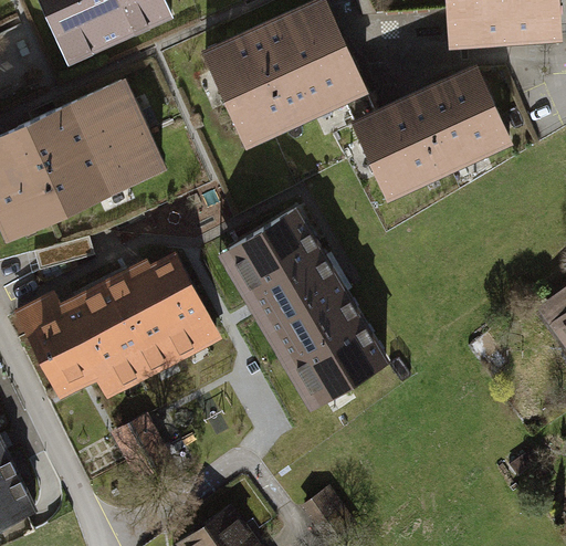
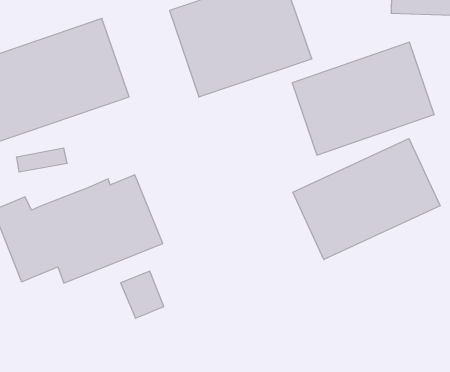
building: none -> [293,139,440,260]
building: [220,200,390,401] -> none
building: [115,414,167,470] -> [121,271,164,318]

